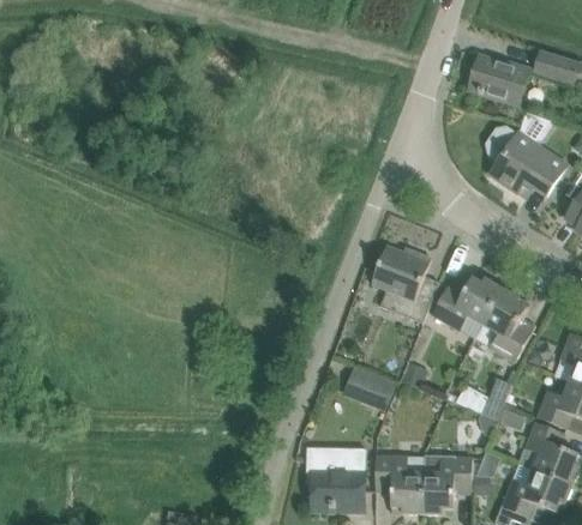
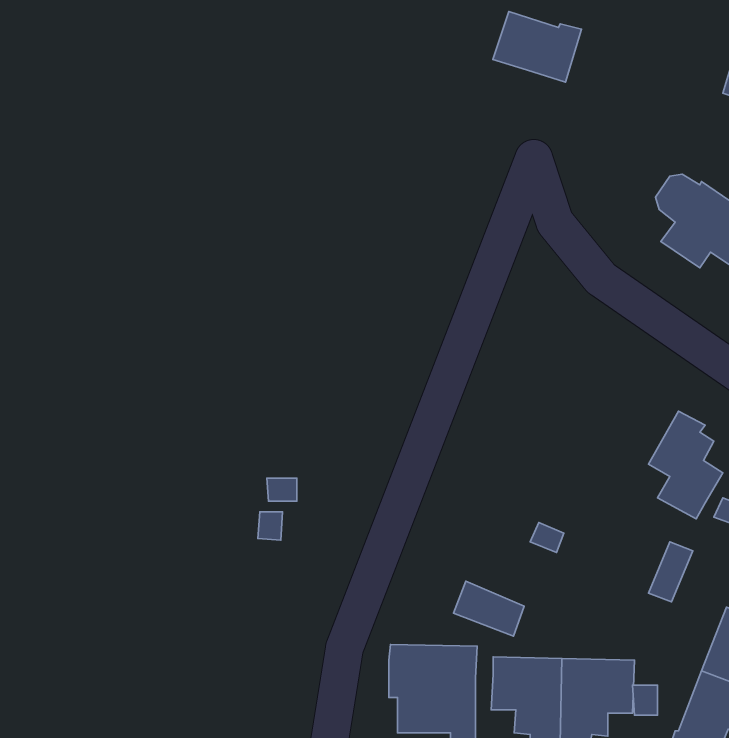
building: [469,55,529,103] -> [493,12,581,82]
building: [371,245,439,322] -> none
building: [432,277,503,330] -> none
building: [346,366,394,403] -> [453,581,524,636]

